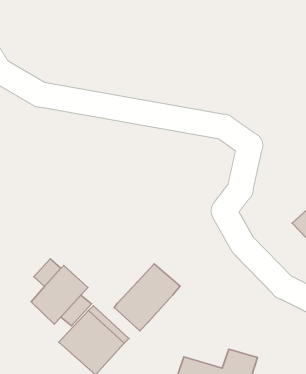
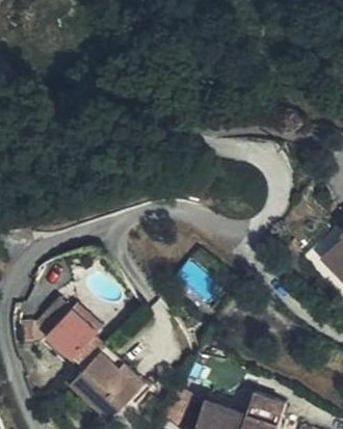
building: [114,264,180,331] -> none

